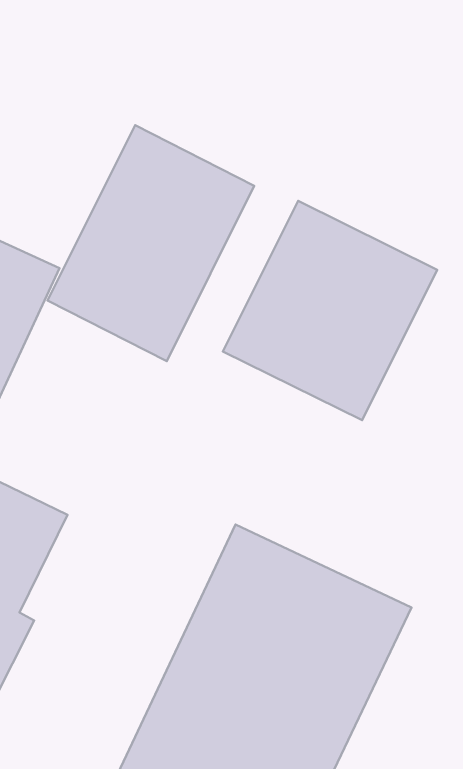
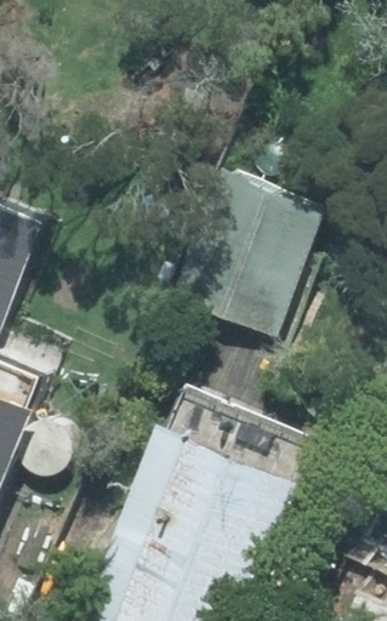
building: [48,125,254,361] -> none

